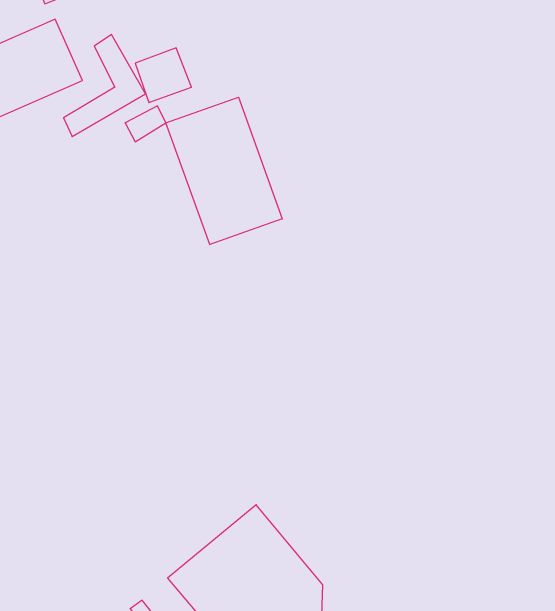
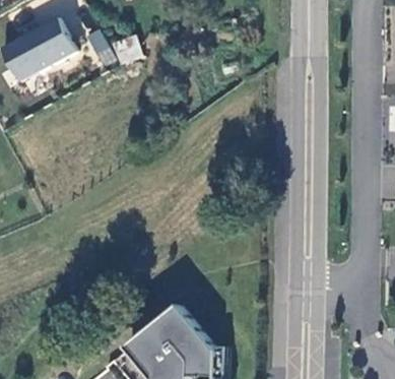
building: [166,97,282,245] -> none

